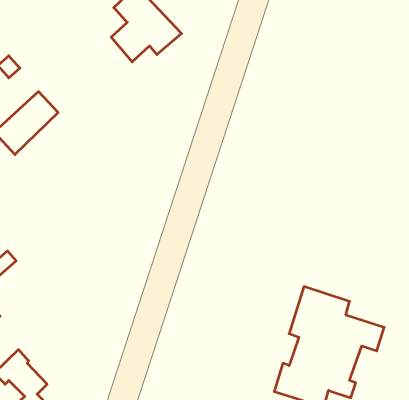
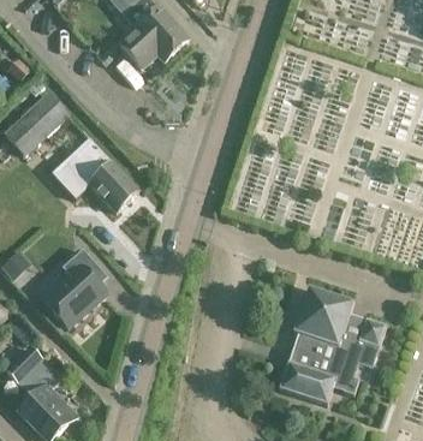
building: none -> [52,136,138,210]
building: none -> [40,249,107,328]

